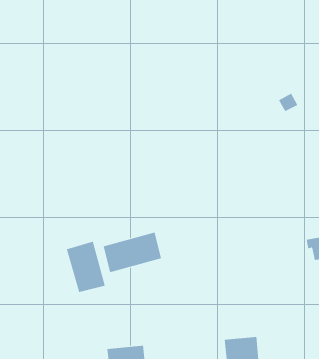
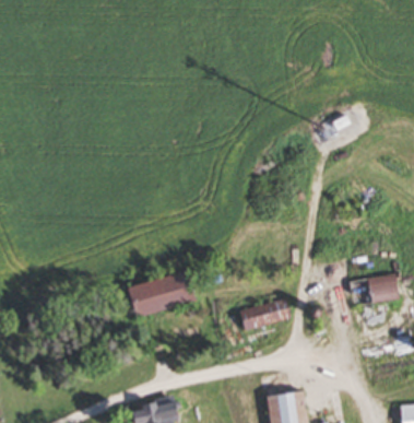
building: [66,241,106,293] -> none
building: none -> [239,301,282,330]

